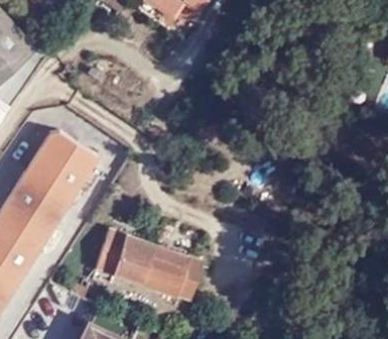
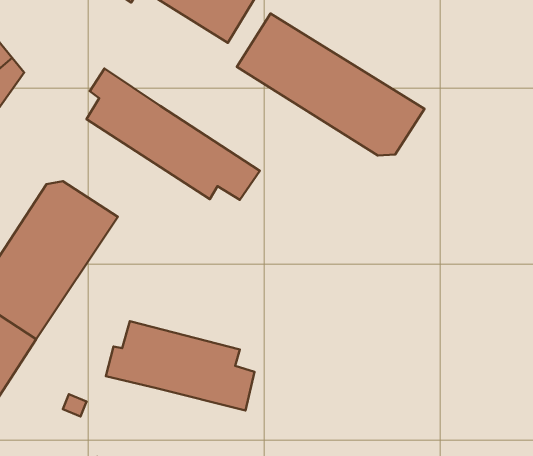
building: none -> [237,14,424,155]
building: none -> [87,68,260,200]

